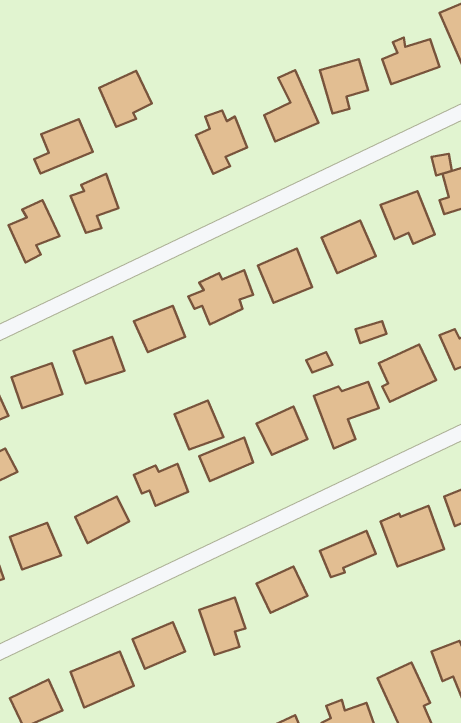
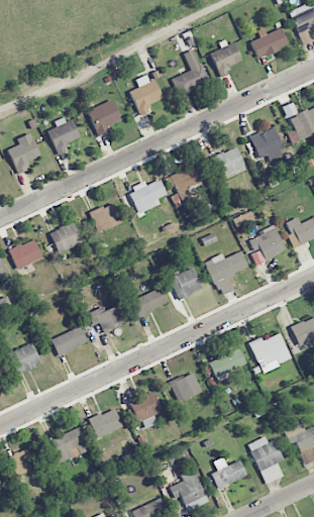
building: [99,71,152,127] -> [87,99,121,135]
building: [34,119,93,174] -> none
building: [175,401,223,450] -> none

